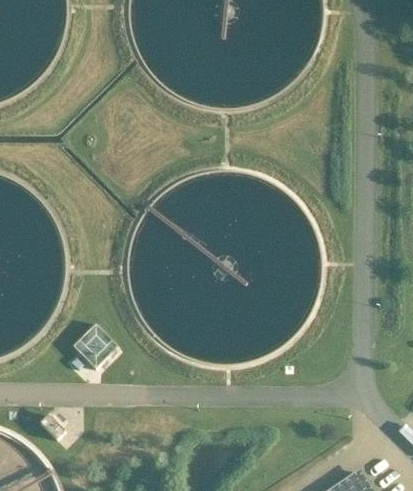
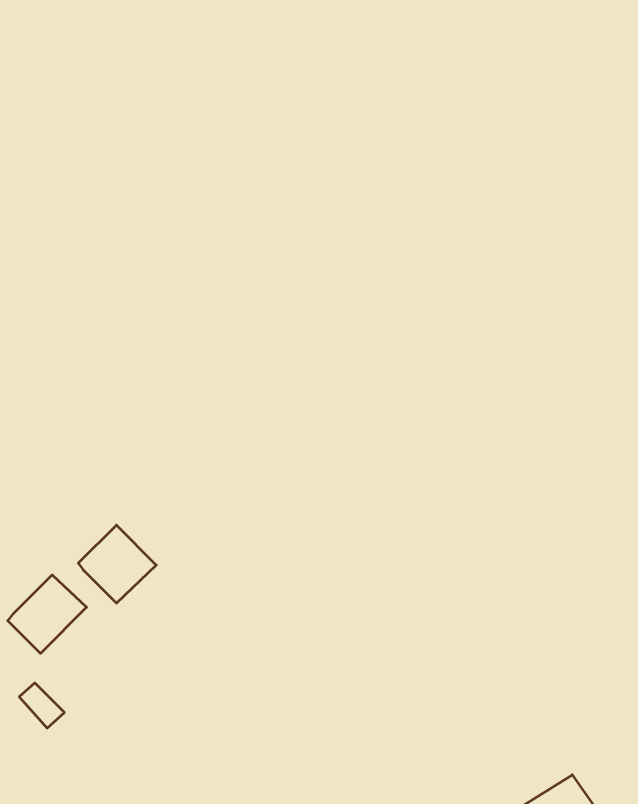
building: none -> [8,575,87,653]

